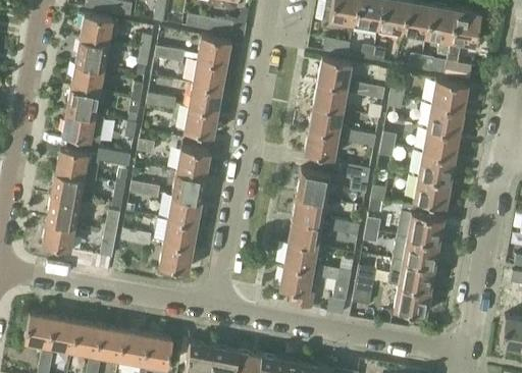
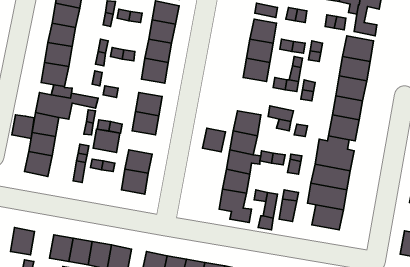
building: [305,130,337,160] -> none
building: none -> [12,115,34,138]
building: none -> [203,128,225,152]
building: [169,196,202,224] -> [93,129,120,152]
building: [49,319,77,352] -> none

